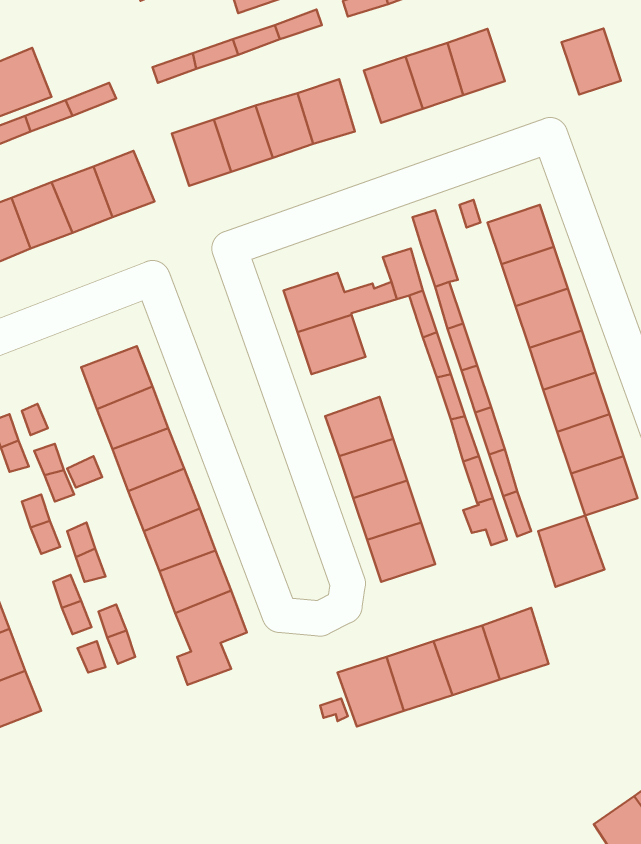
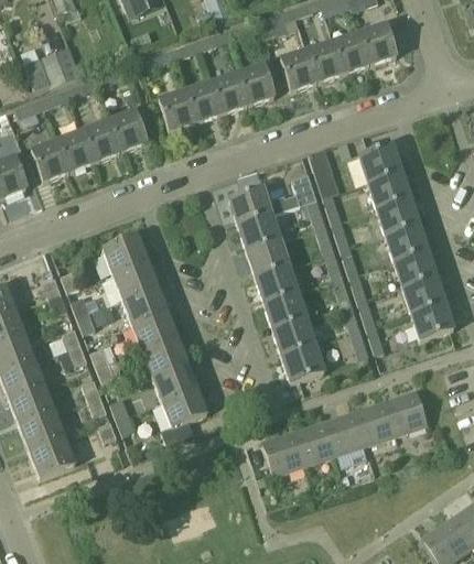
building: [562,28,621,95] -> [357,23,395,65]
building: none -> [246,239,289,276]
building: [538,515,604,587] -> [385,388,427,433]

